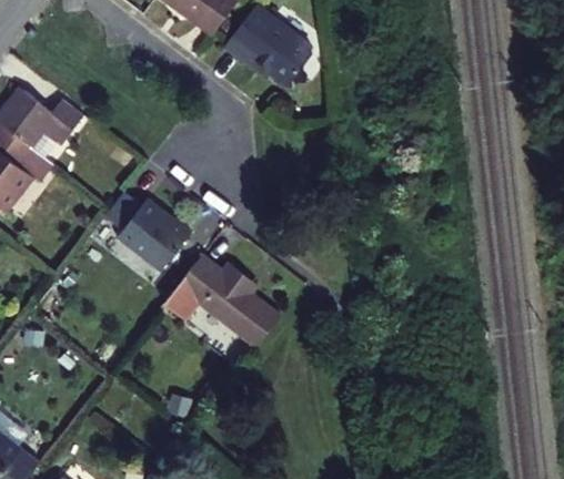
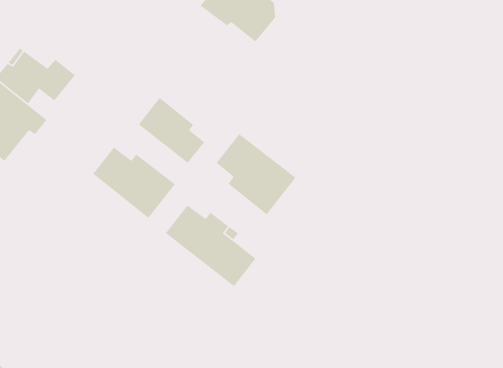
building: none -> [138,97,205,164]
building: none -> [215,133,297,216]

